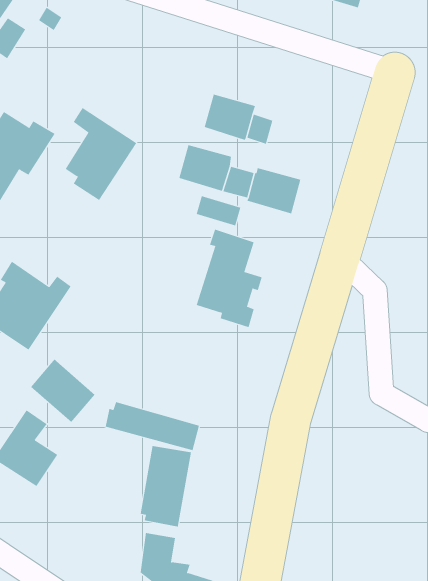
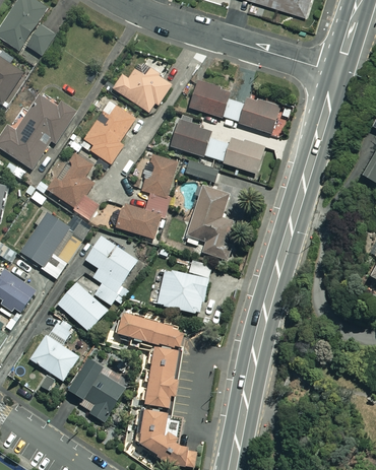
building: none -> [113,61,172,111]
building: none -> [239,96,287,134]
building: none -> [49,149,98,218]
building: none -> [109,152,178,238]
building: none -> [85,236,137,304]
building: none -> [156,259,210,314]
building: none -> [69,359,126,421]

